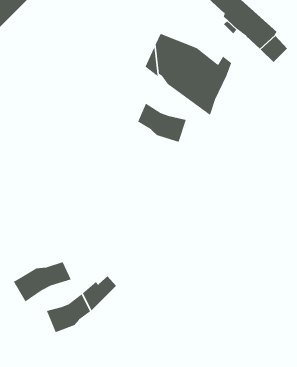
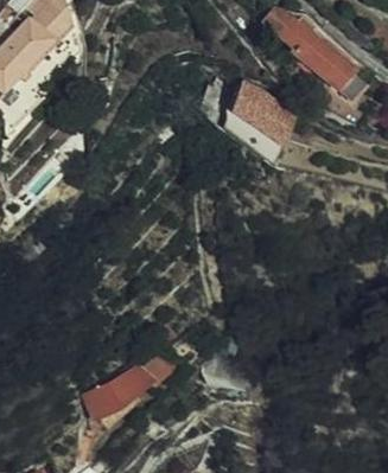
building: [137,102,187,143] -> none
building: [13,261,72,302] -> none

